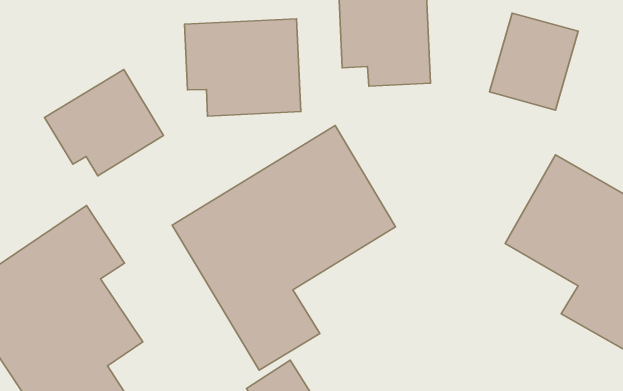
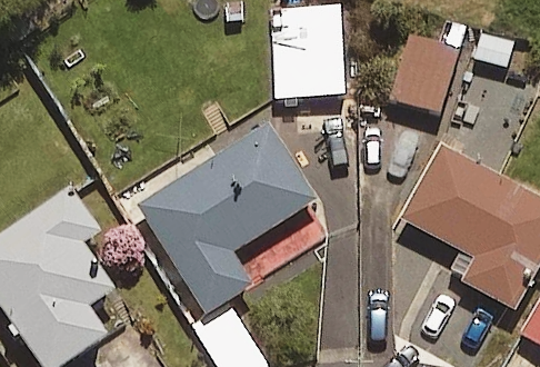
building: [184,19,301,116] -> none
building: [44,69,164,176] -> none

